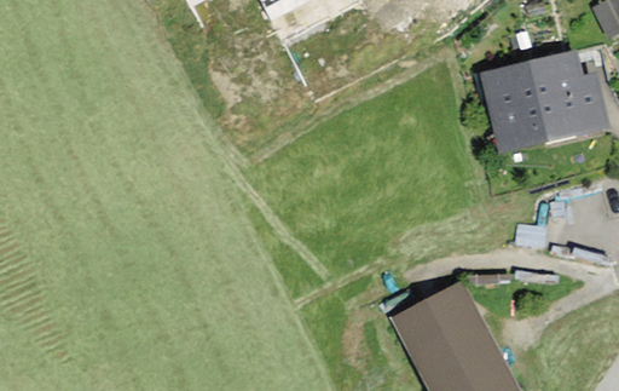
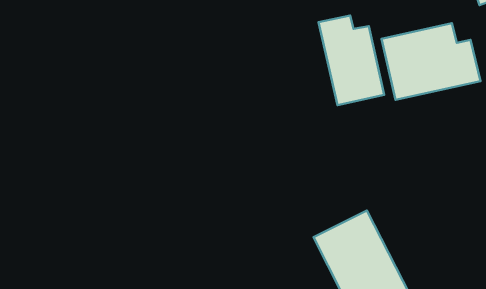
building: none -> [318,15,384,105]

